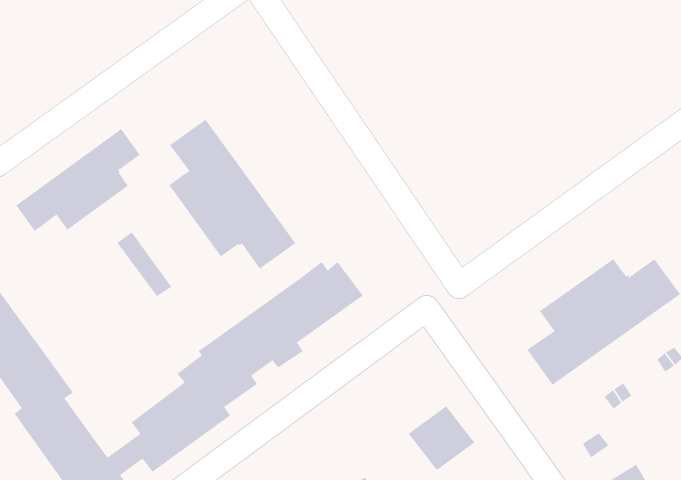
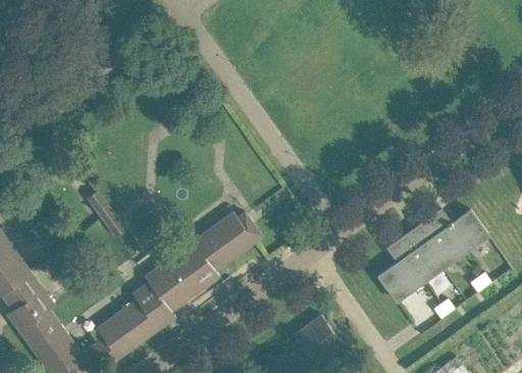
building: [168,119,296,269] -> none
building: [15,128,140,232] -> none

